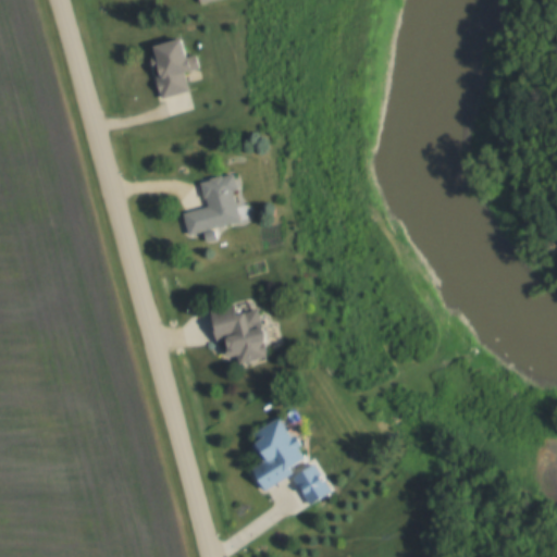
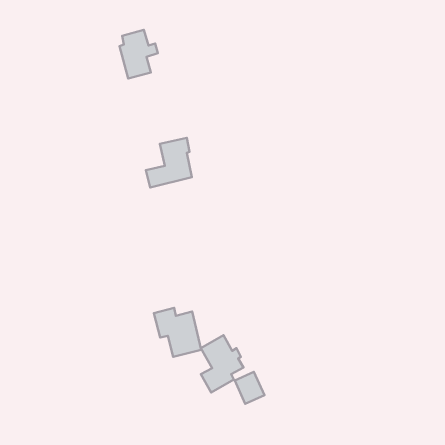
building: [209,305,268,366] -> [154,308,201,357]

